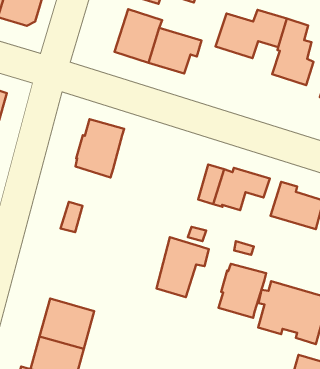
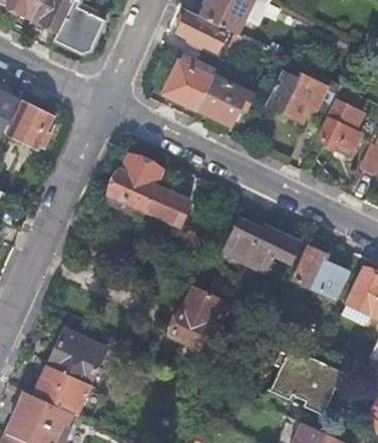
building: none -> [144,177,191,226]
building: [218,264,266,318] -> none

